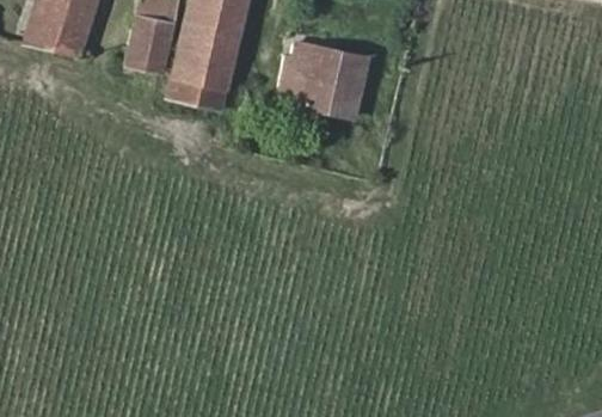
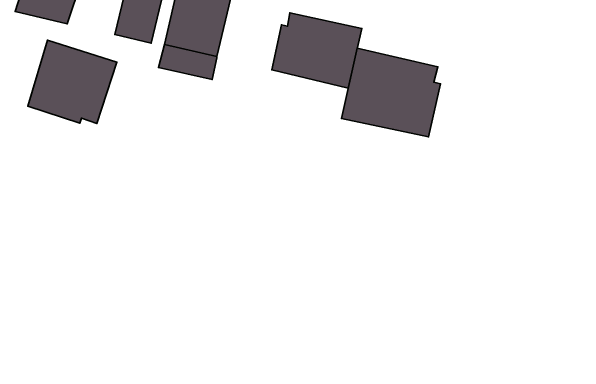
building: none -> [28,40,117,123]
building: none -> [342,48,441,137]

